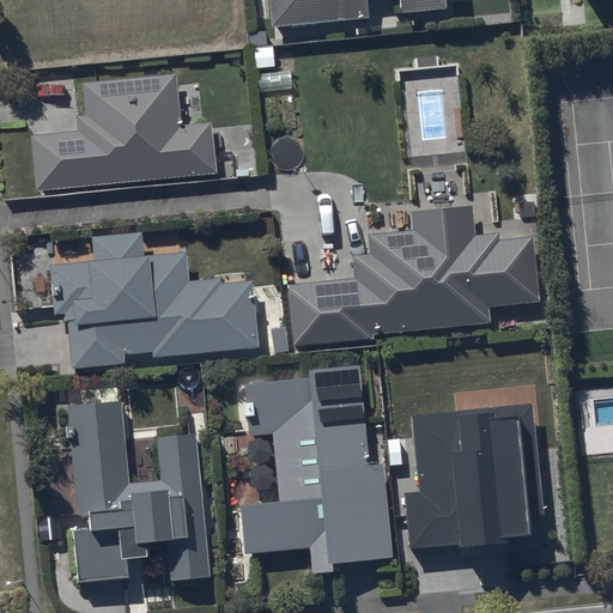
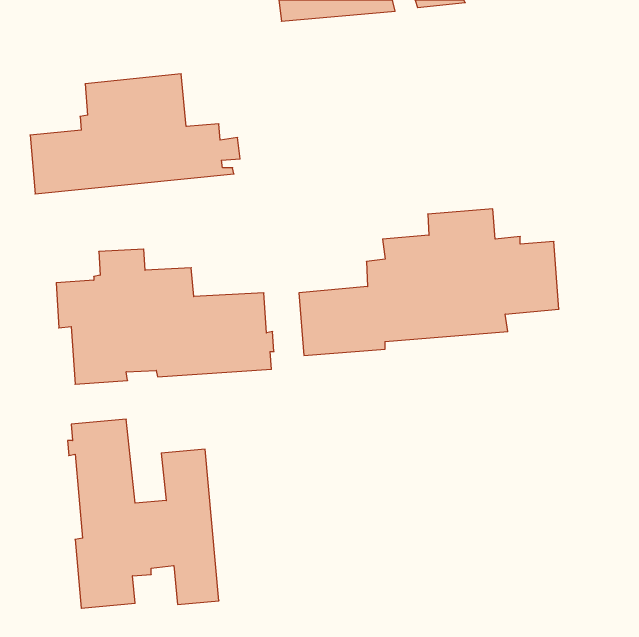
building: [238,366,394,579] -> none
building: [405,411,538,548] -> none

